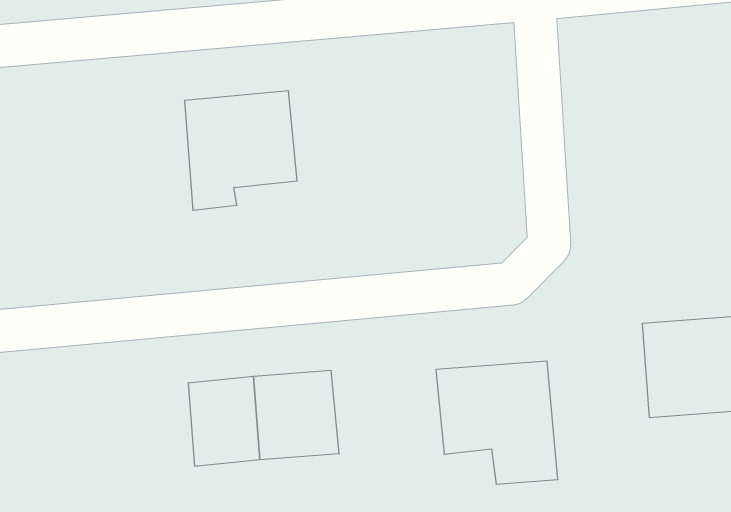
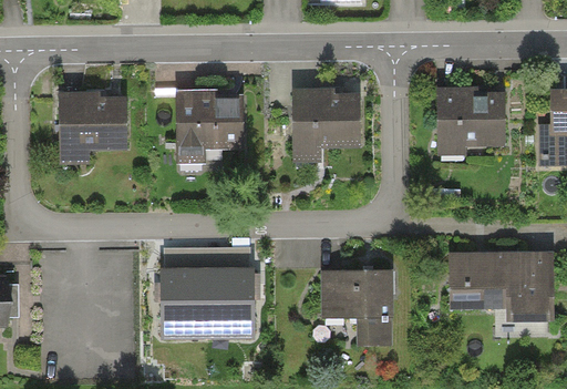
building: none -> [443,88,509,140]
building: none -> [292,90,358,157]
building: none -> [65,93,128,142]

